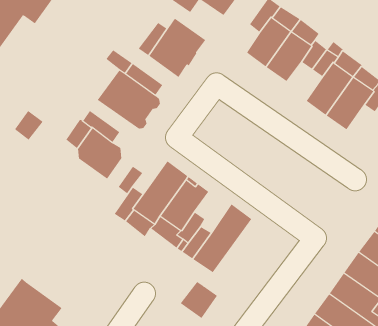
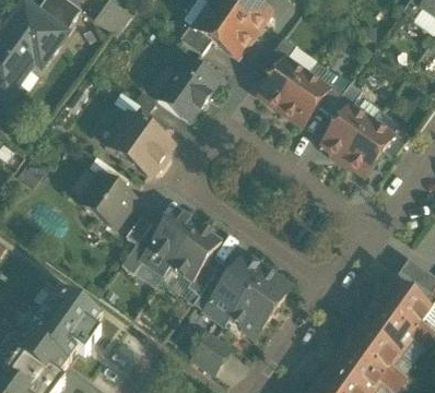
building: none -> [224,270,291,337]
building: none -> [31,288,102,362]

